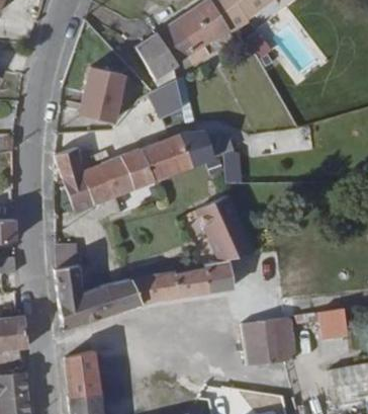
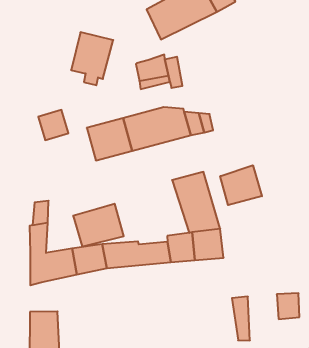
building: [136,35,178,87] -> none
building: [64,162,117,209] -> [73,204,124,246]
building: none -> [220,165,262,205]
building: [241,323,279,370] -> none

